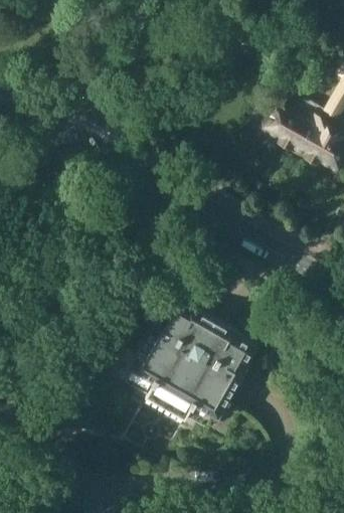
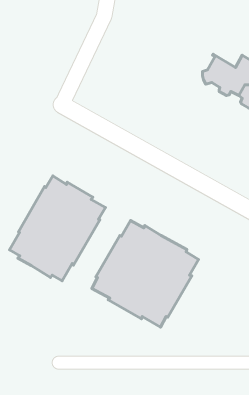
building: none -> [10,176,106,281]

